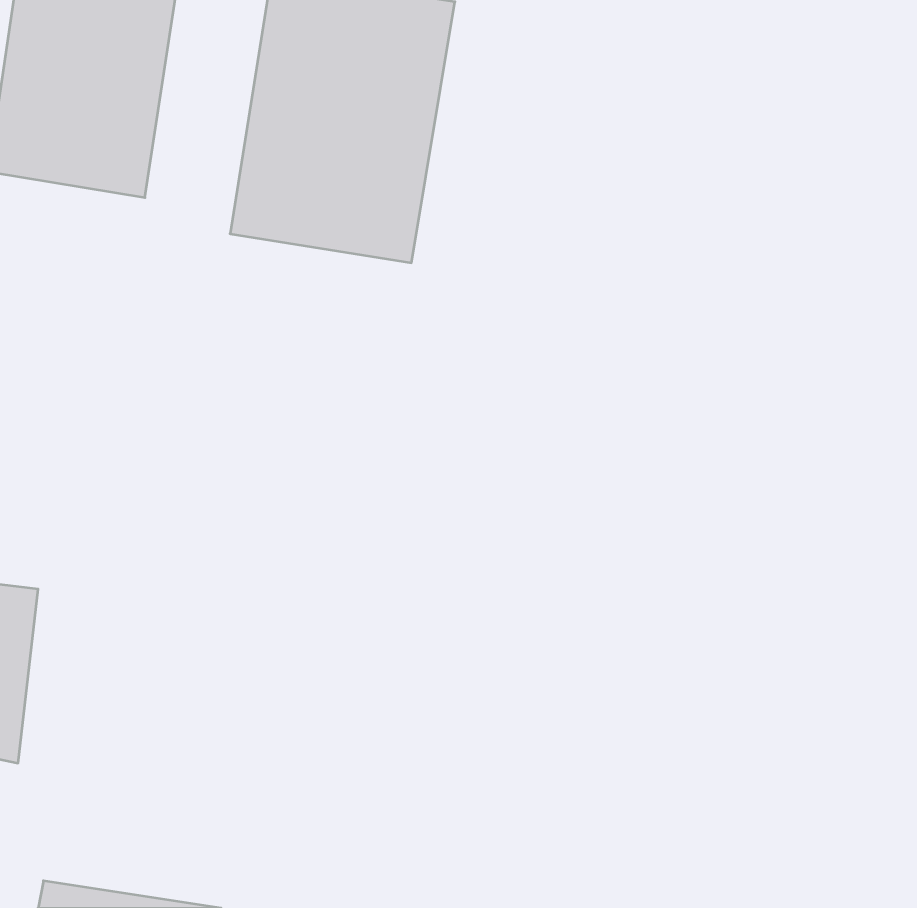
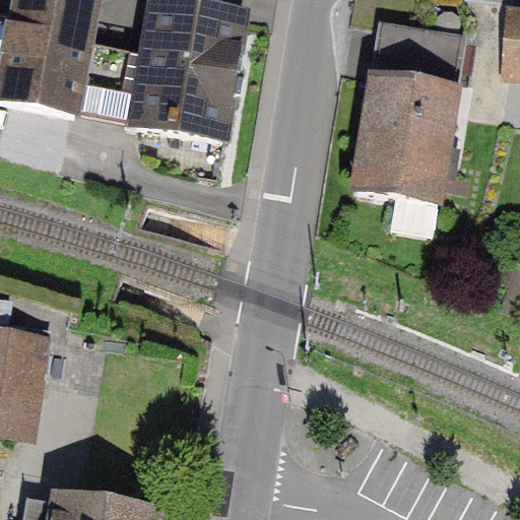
building: none -> [353,24,459,199]

